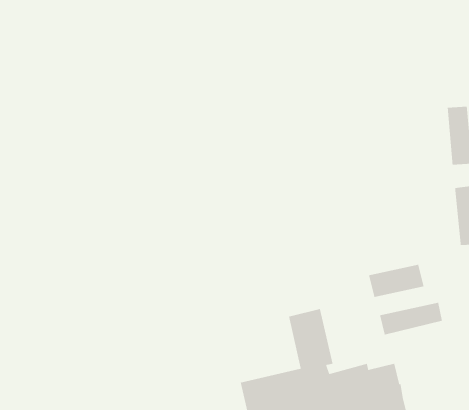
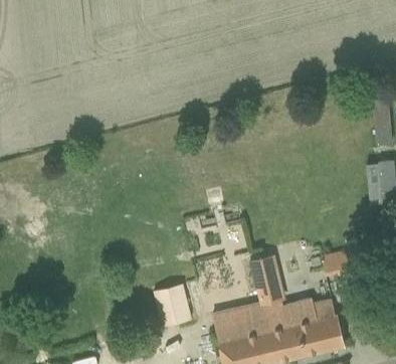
building: [368,264,424,298] -> none
building: none -> [152,284,190,327]

